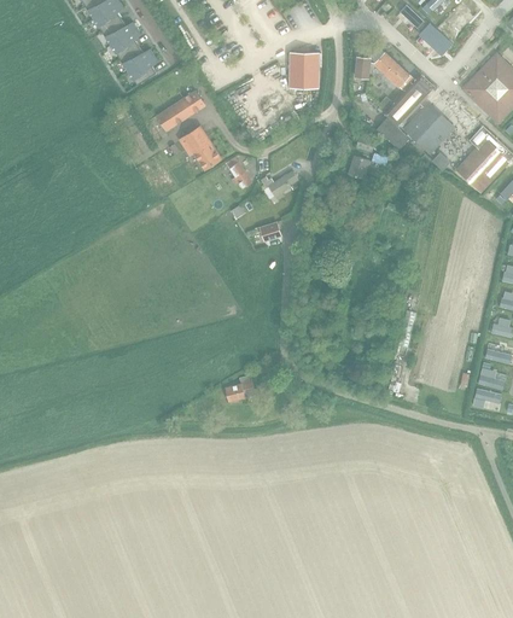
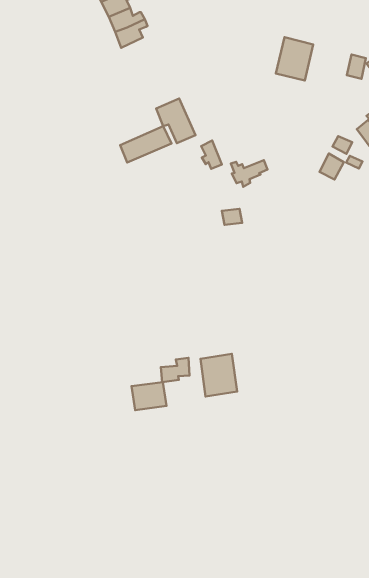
building: [156,89,205,130] -> [120,126,172,163]
building: none -> [200,354,237,396]
building: none -> [132,382,166,410]

